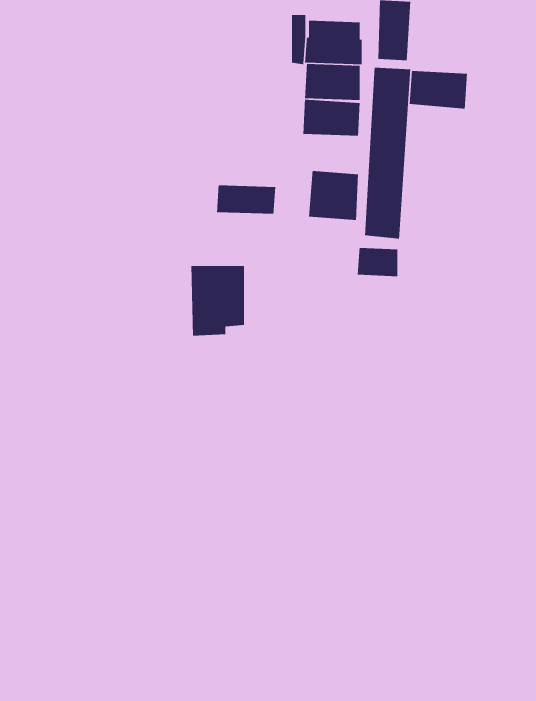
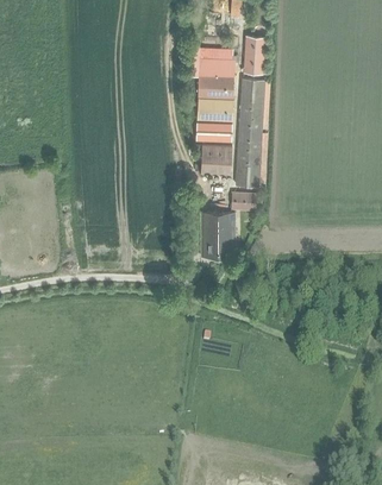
building: [409,70,468,109] -> none
building: [216,185,276,215] -> [195,122,233,141]
building: [190,265,245,337] -> [200,212,234,257]

